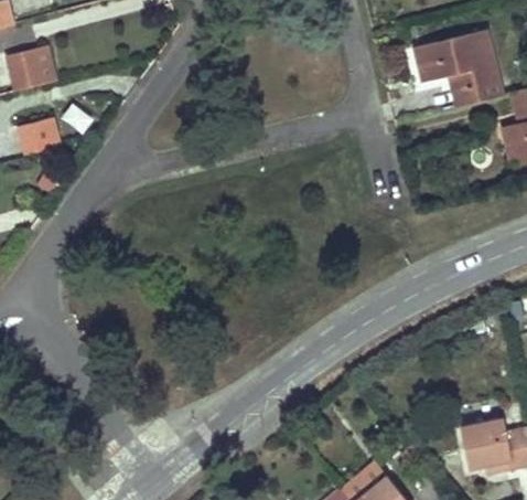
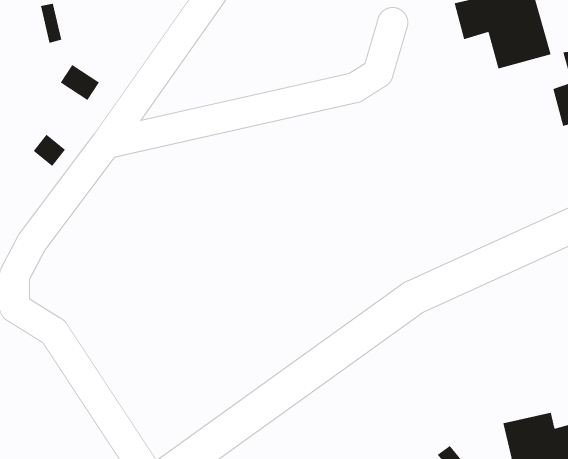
building: [10,50,47,91] -> none
building: [20,116,60,155] -> none

